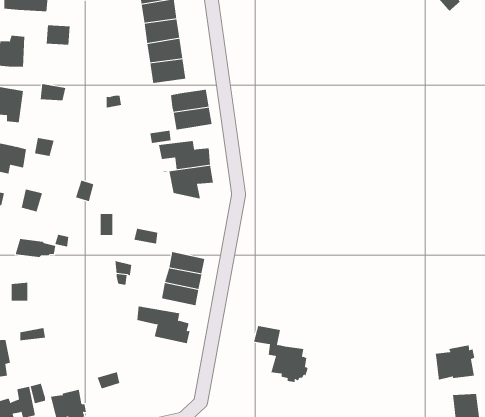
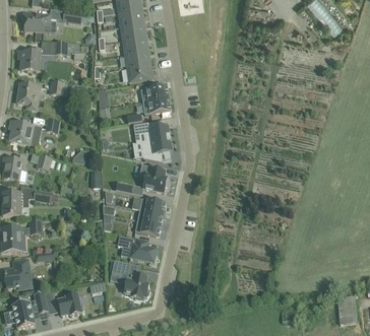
building: none -> [138,163,168,192]
building: [253,326,309,383] -> [111,260,149,299]
building: [435,344,475,380] -> none

